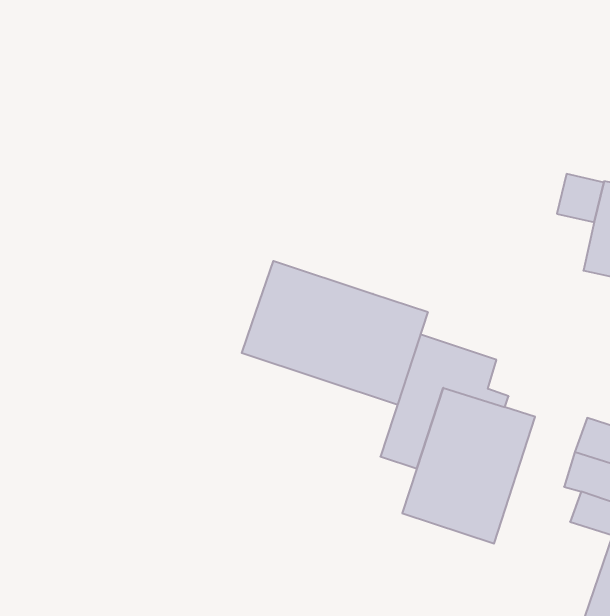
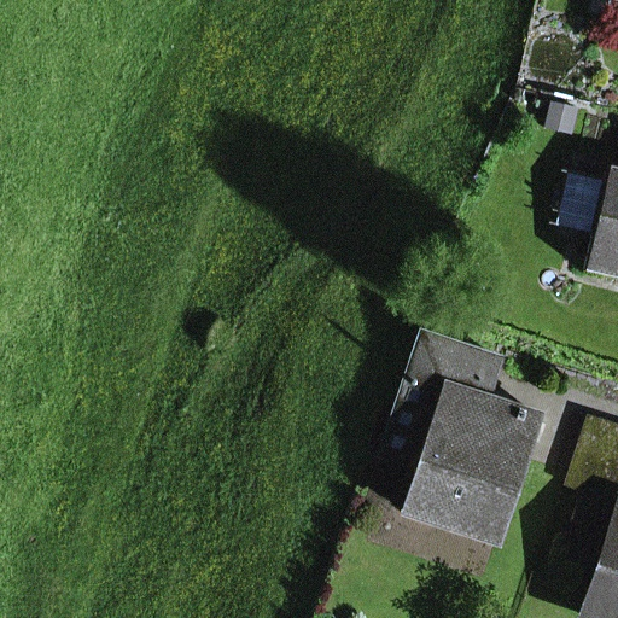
building: [242,261,428,405] -> none

